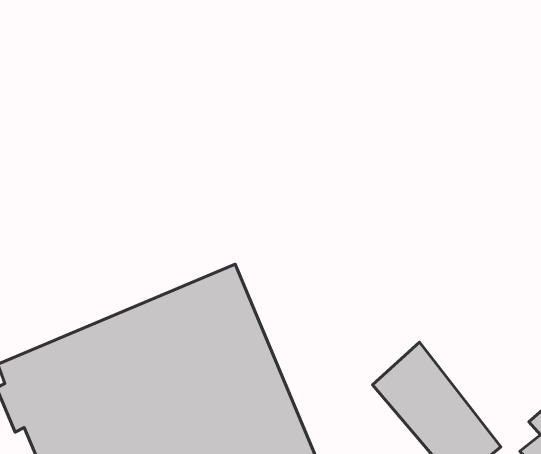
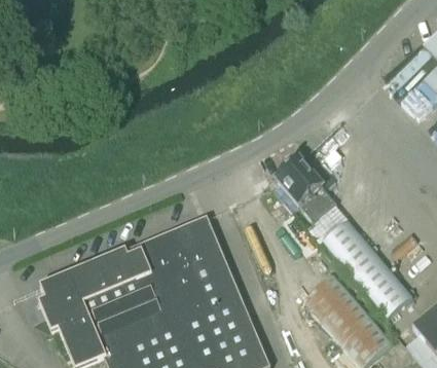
building: none -> [271,156,335,221]
building: none -> [322,218,411,316]

